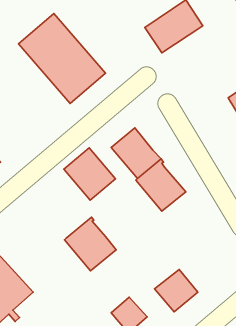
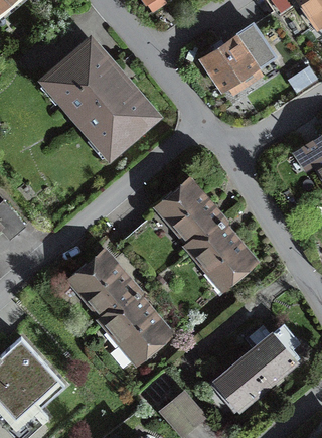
building: [64,148,115,200] -> [72,256,136,320]
building: none -> [244,325,296,387]

